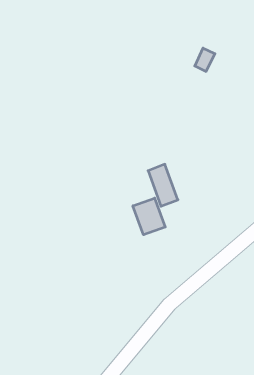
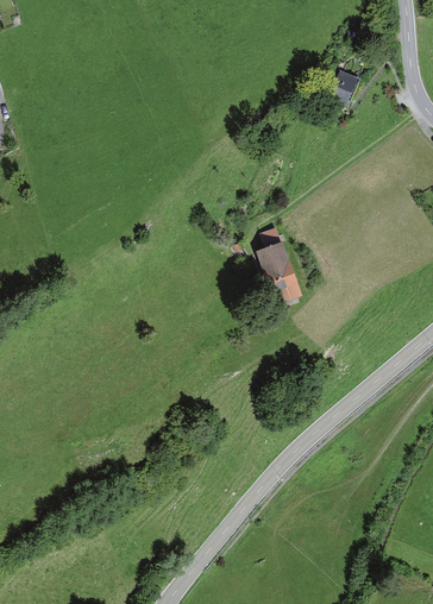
building: [133,198,165,235] -> none

